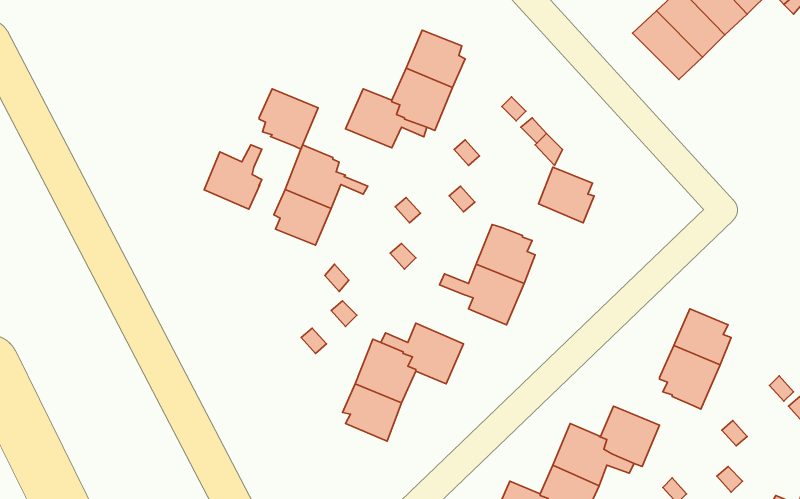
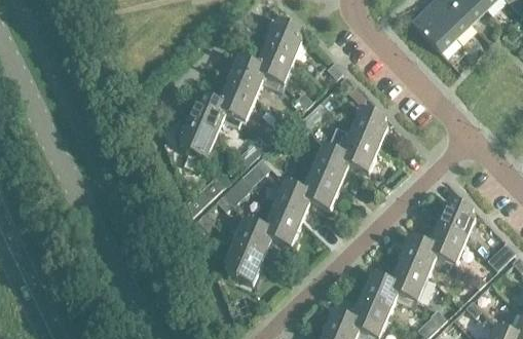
building: [259,89,318,149] -> [218,83,256,122]
building: [204,145,262,209] -> none
building: none -> [327,129,379,173]
building: none -> [271,182,310,222]
building: none -> [399,235,451,274]

